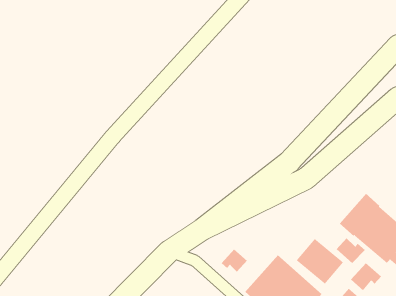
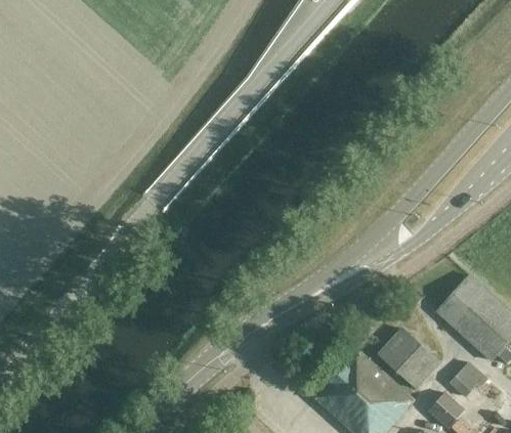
building: [336,238,366,264] -> none
building: [221,249,248,272] -> none

